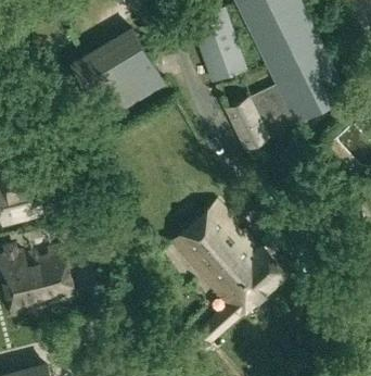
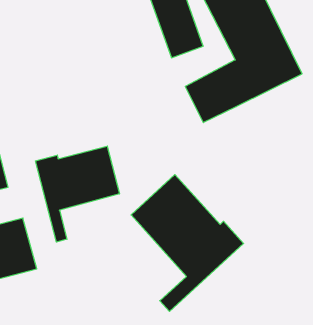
building: [71,29,163,121] -> none
building: none -> [35,146,119,242]

